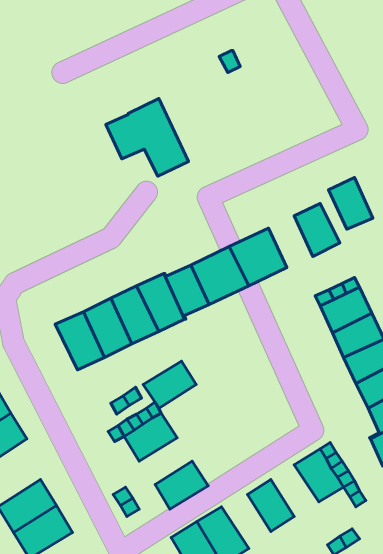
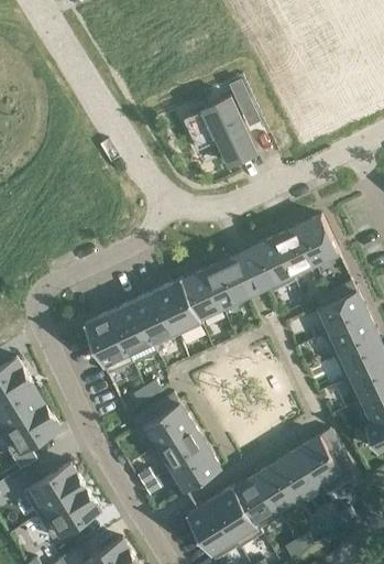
building: [106,99,189,176] -> [183,97,256,166]
building: [329,177,373,229] -> [274,228,314,274]
building: [143,361,196,408] -> [158,426,206,468]
building: none -> [276,451,319,497]
building: none -> [232,477,276,525]

